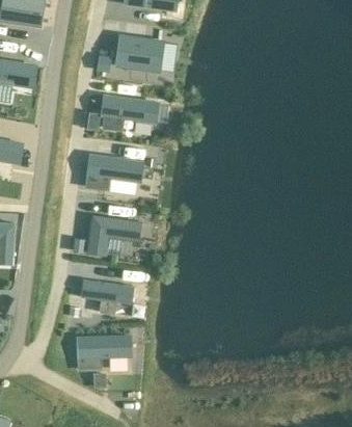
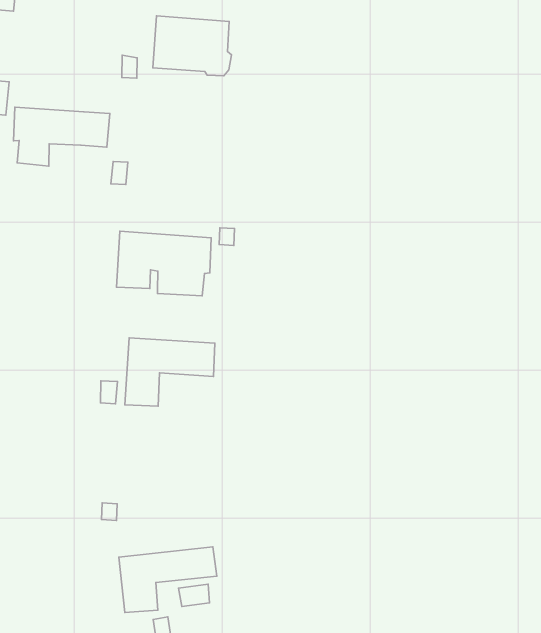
building: [102,96,157,130] -> [14,107,110,166]
building: [81,279,133,313] -> none

